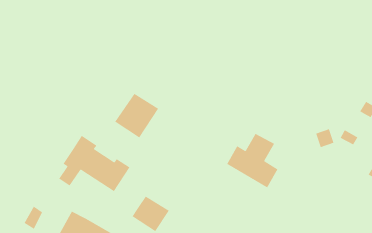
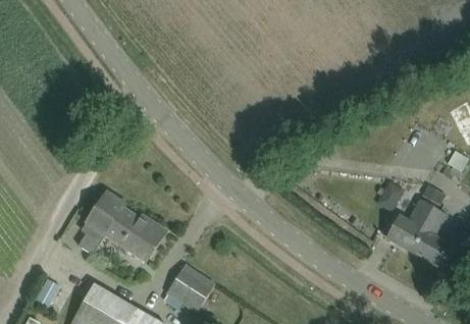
building: [114,93,159,138] -> none
building: [226,133,278,188] -> [385,198,450,266]

